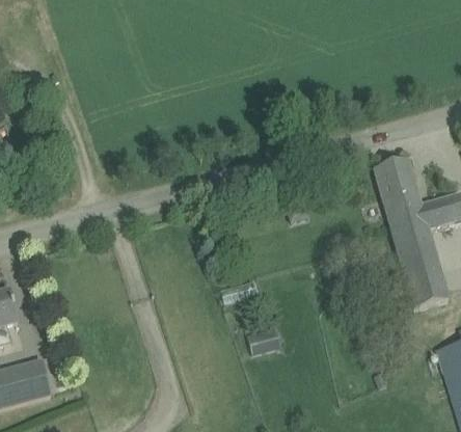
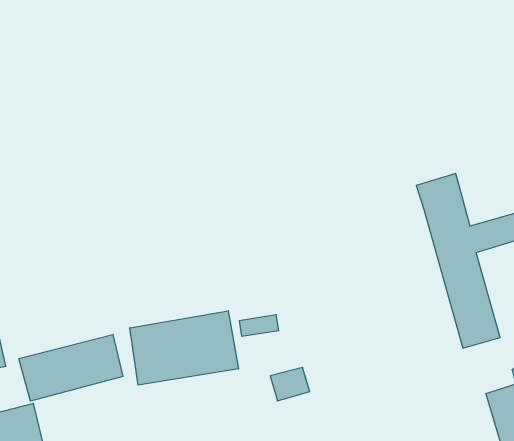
building: none -> [130,311,238,385]
building: none -> [19,334,123,401]

